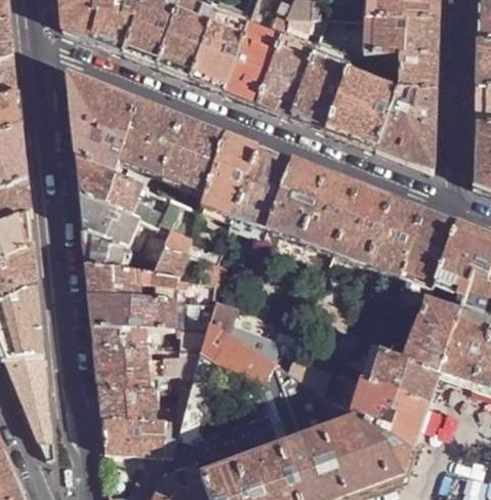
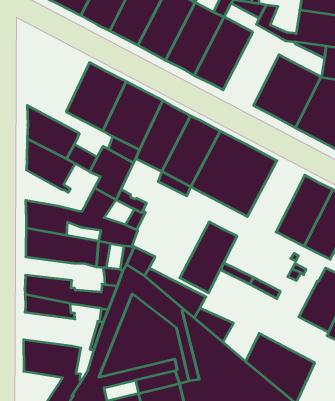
building: [291,50,351,128] -> none
building: [69,75,139,172] -> none
building: [334,186,393,265] -> [180,222,237,293]
building: [83,228,128,264] -> none
building: [93,325,161,345] -> none
building: [362,345,439,406] -> none
building: [99,386,156,418] -> none

